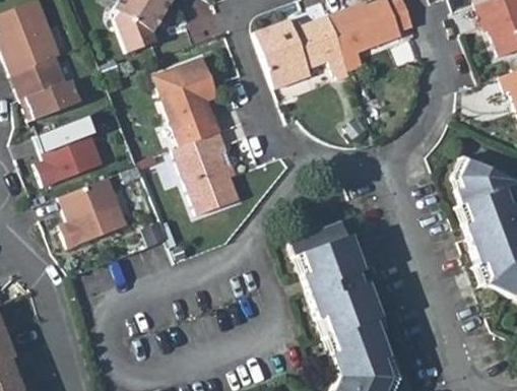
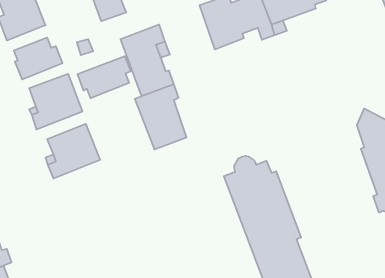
building: [11,57,62,102] -> none
building: none -> [77,56,131,98]

